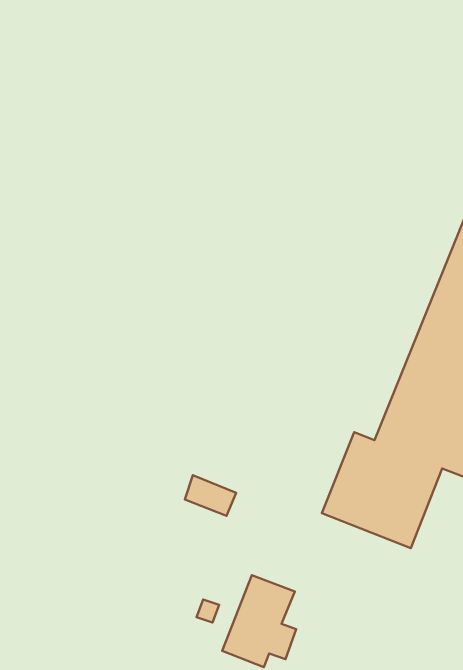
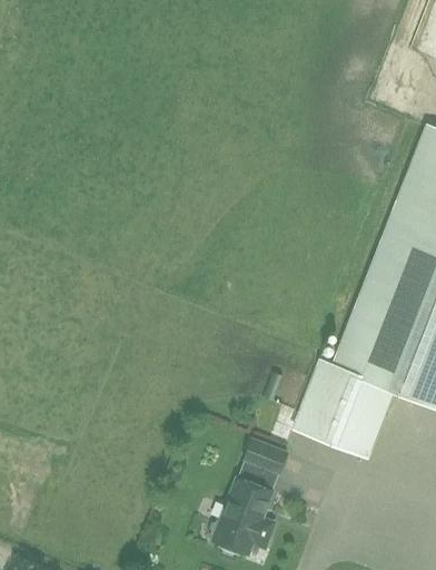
building: [185,475,236,516] -> [245,438,287,471]

